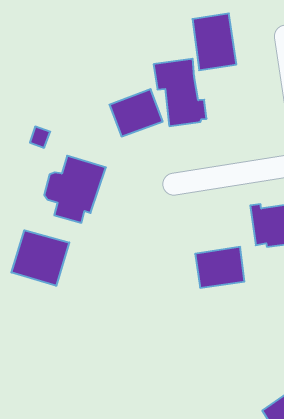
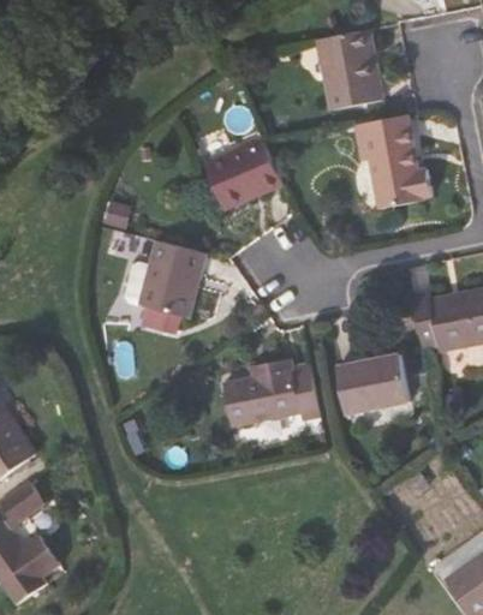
building: [154,59,207,126] -> [354,113,433,209]
building: [11,230,69,286] -> none
building: none -> [222,359,298,424]

